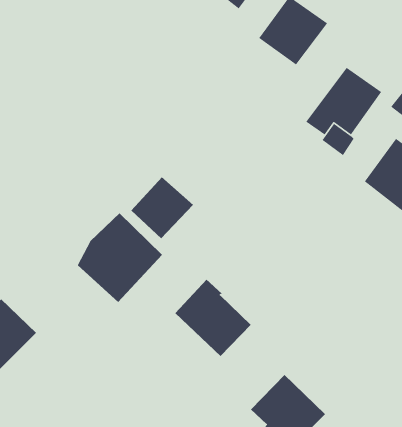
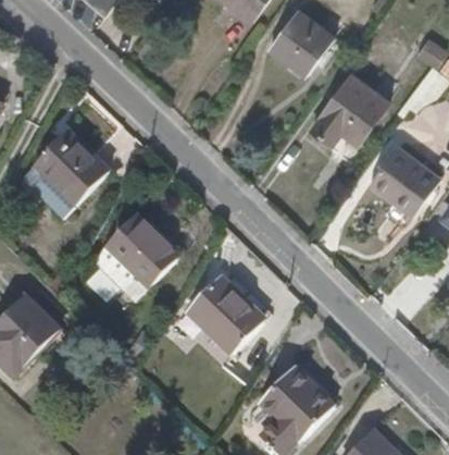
building: none -> [34,131,109,206]
building: [130,177,194,239] -> none

